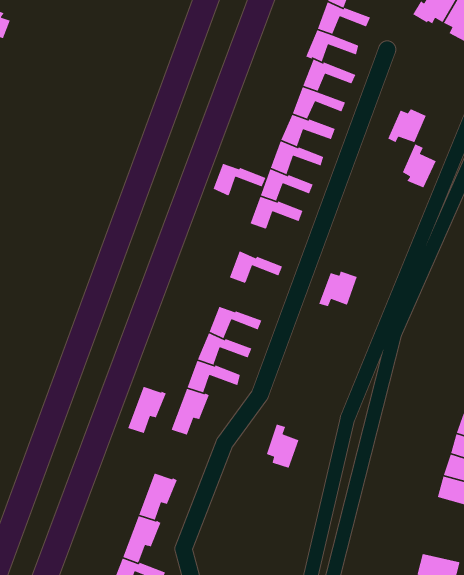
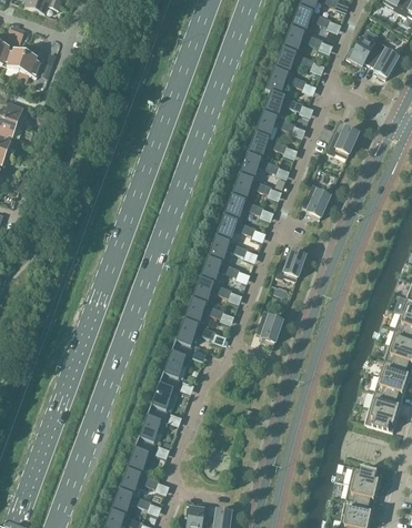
building: [402,143,437,189] -> [303,183,330,217]
building: [212,163,267,196] -> [215,215,257,241]
building: none -> [200,256,241,282]
building: [127,386,167,434] -> [151,372,181,408]
building: [266,424,299,469] -> [257,308,282,343]

